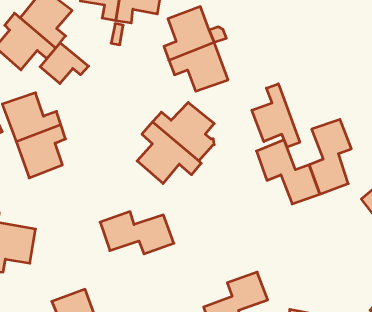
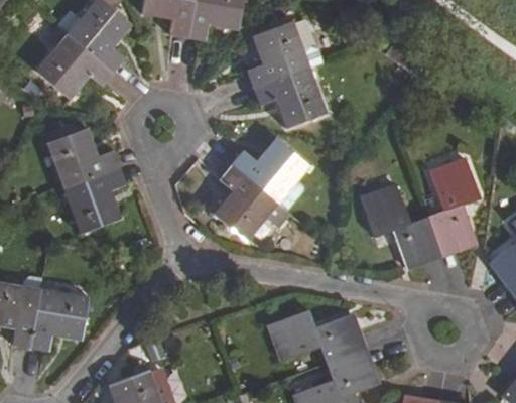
building: [40,43,89,84] -> none
building: [252,84,300,147] -> none
building: [100,212,174,254] -> [271,310,363,363]

